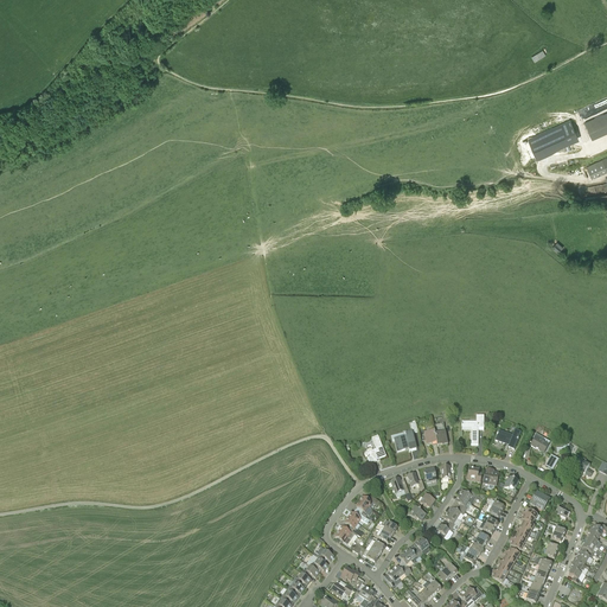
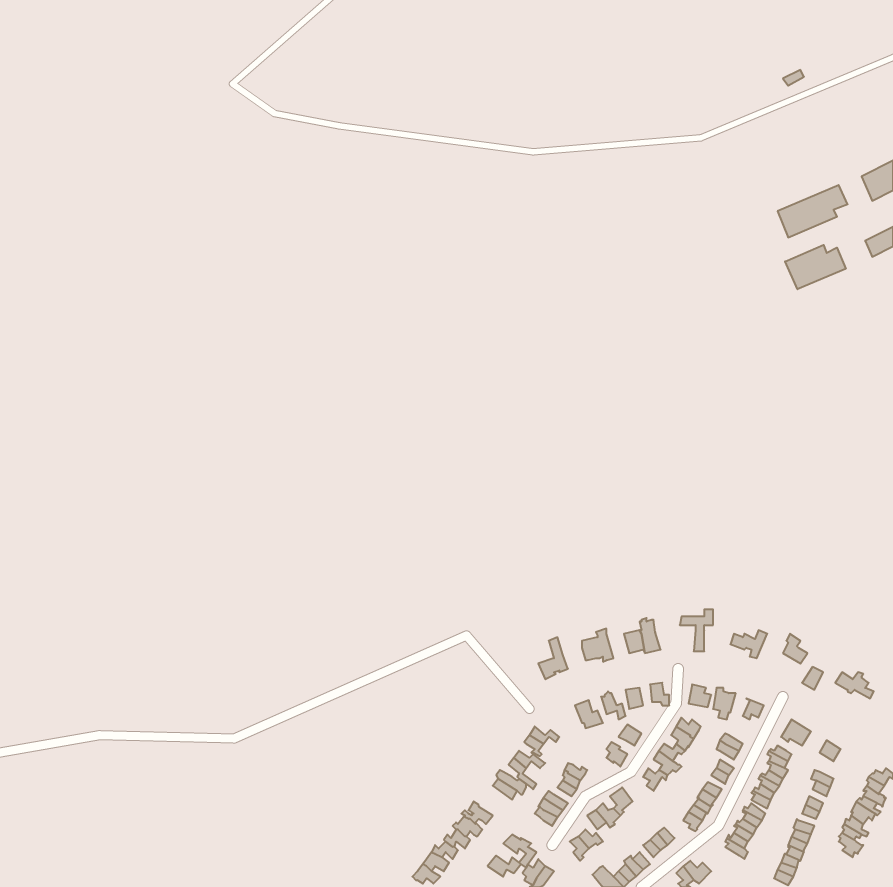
building: none -> [785,245,846,289]

